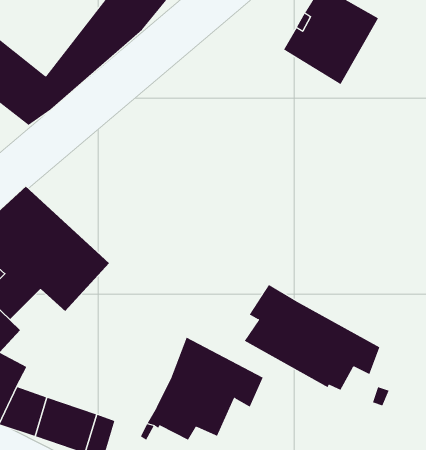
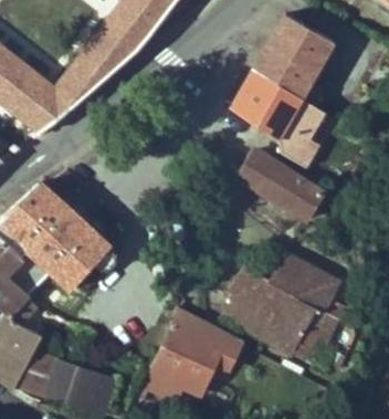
building: none -> [231,67,325,169]
building: none -> [236,151,323,220]
building: none -> [267,254,348,321]

